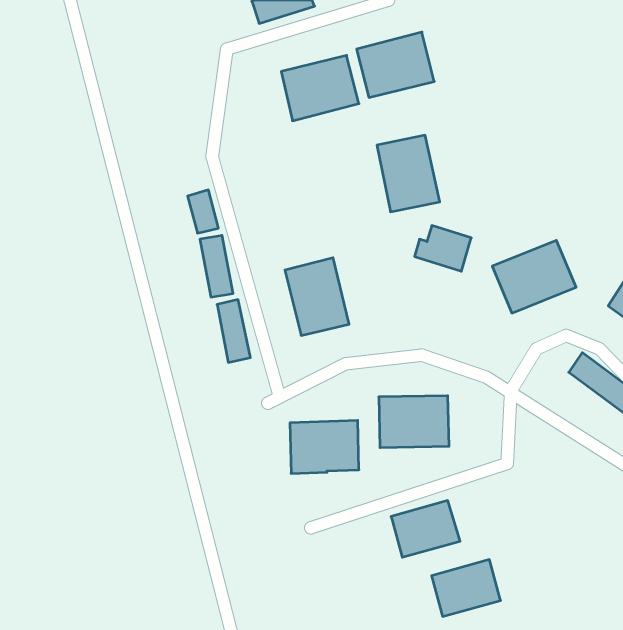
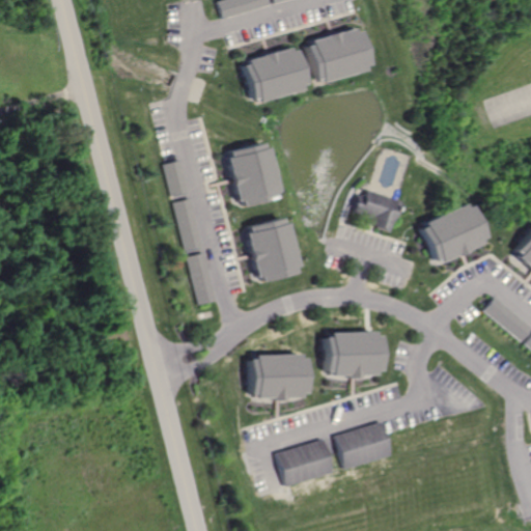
building: [377,135,440,212] -> [227,142,280,206]
building: [432,560,501,616] -> [276,439,334,486]

